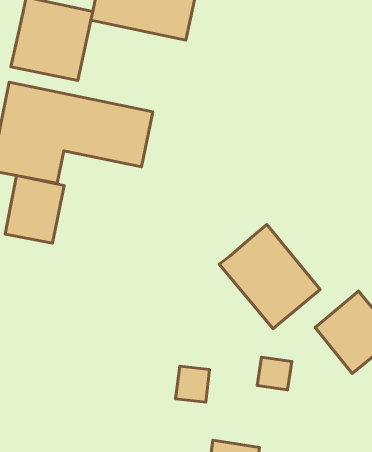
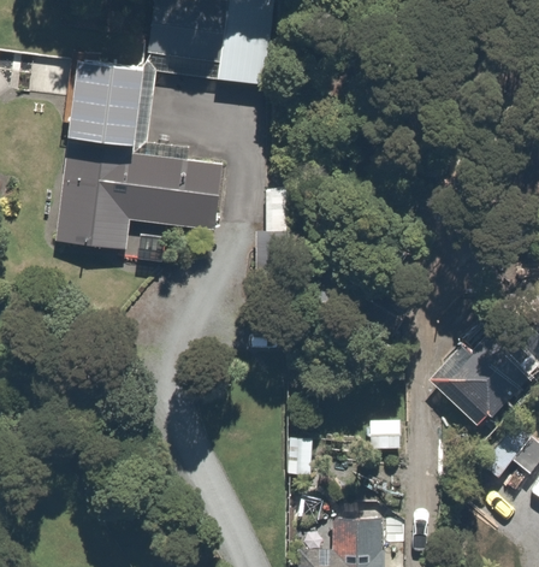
building: [5,176,64,243] -> none
building: [219,224,320,329] -> none

